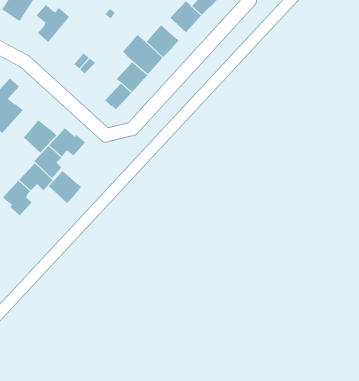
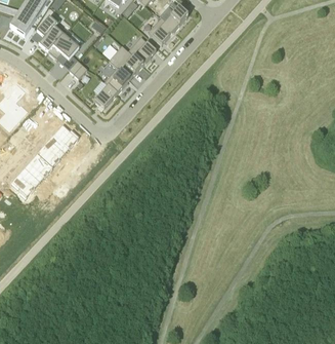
building: none -> [48,36,78,62]
building: [23,120,57,154] -> none
building: [48,170,82,204] -> none

